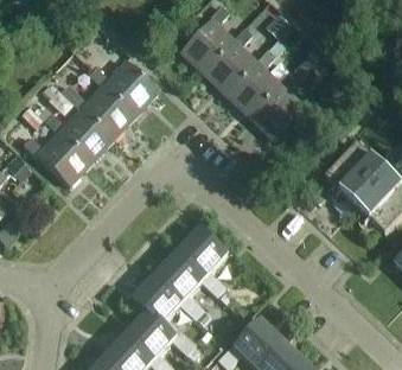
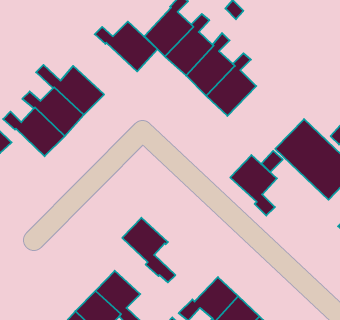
building: [87,59,157,115] -> [95,22,157,71]
building: [176,228,228,295] -> [230,155,277,216]
building: [132,275,196,355] -> none

